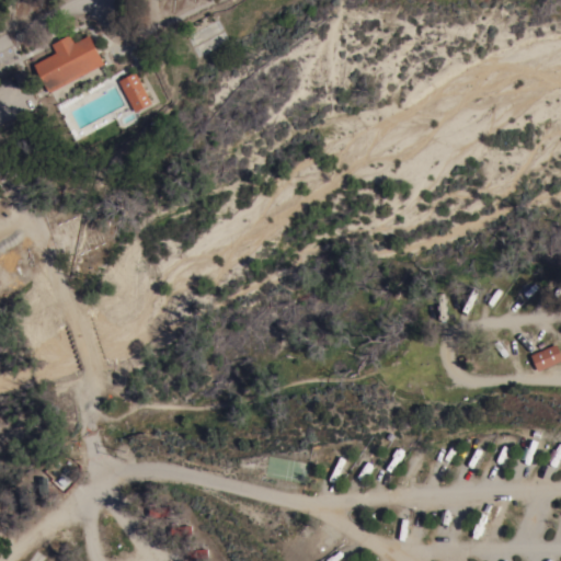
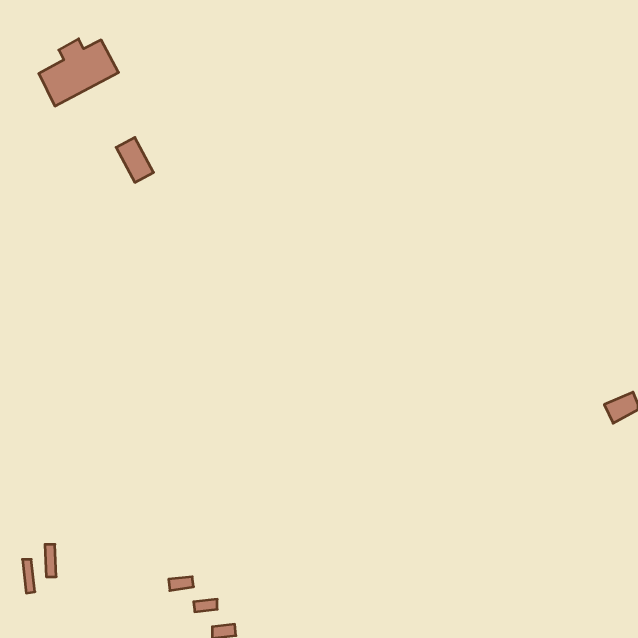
building: [118,72,151,112] -> [116,137,154,182]

